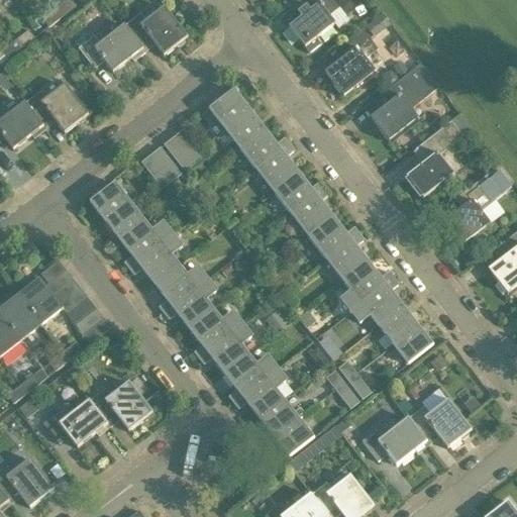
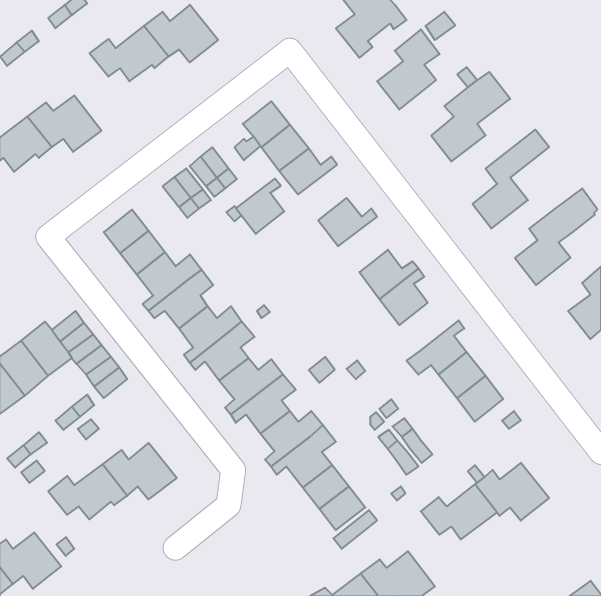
building: [255,141,297,189] -> [236,179,284,234]
building: [290,186,332,233] -> none
building: [339,260,393,309] -> none

